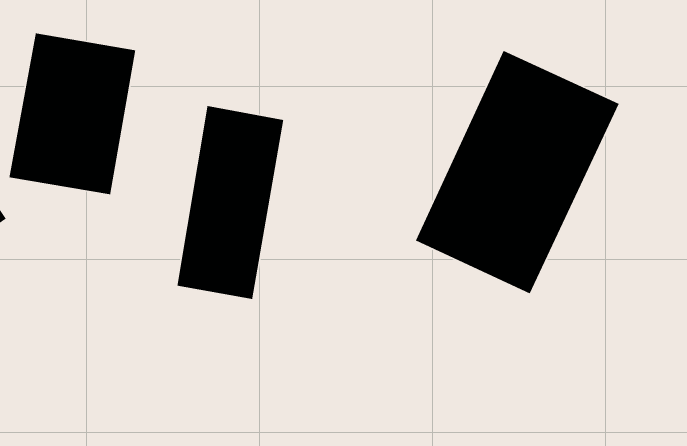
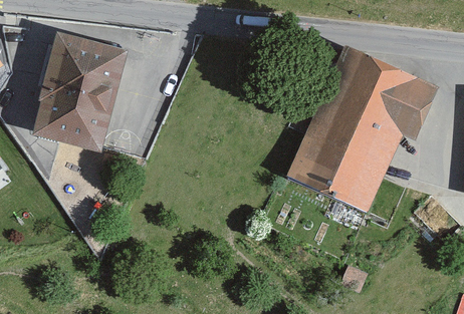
building: [176,105,284,300] -> none

